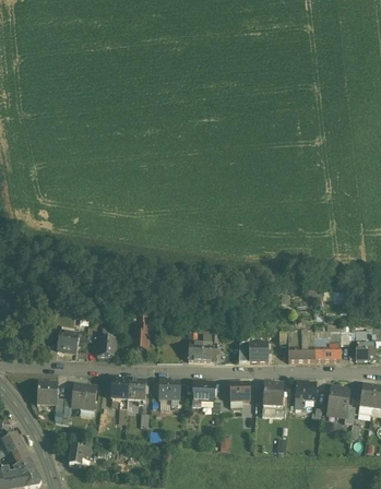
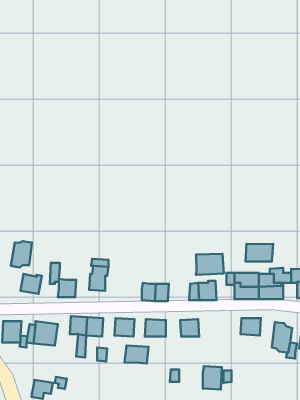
building: none -> [11,241,32,267]
building: none -> [245,244,273,261]
building: none -> [196,254,224,275]
building: [263,381,284,406] -> [203,366,222,389]
building: none -> [125,346,149,364]

